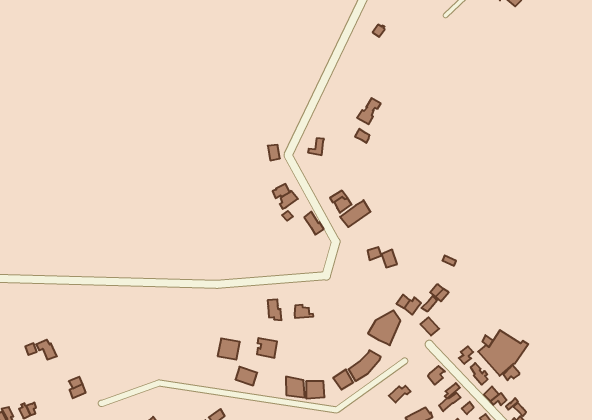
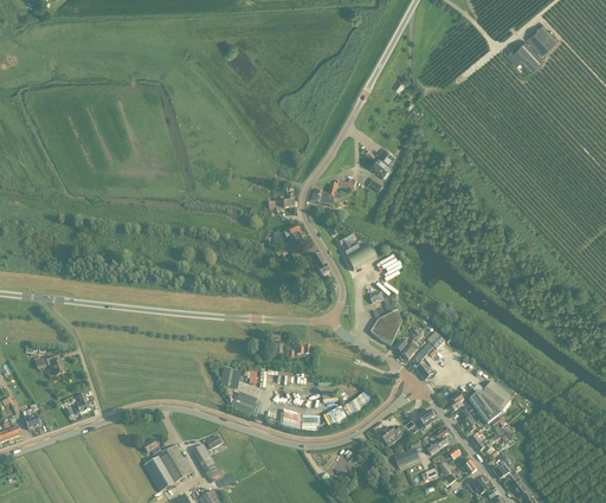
building: [368,310,400,345] -> [369,311,401,344]

